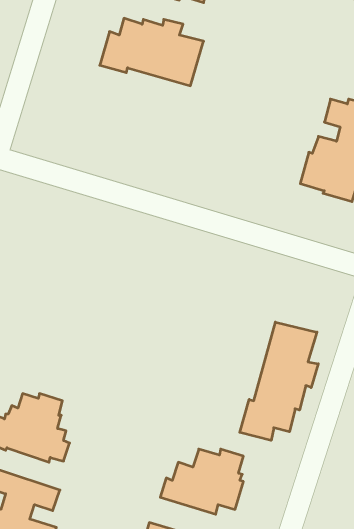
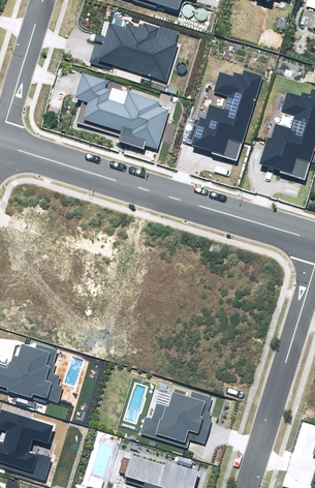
building: none -> [190,69,261,160]
building: none -> [73,72,168,148]
building: [240,322,318,440] -> none

